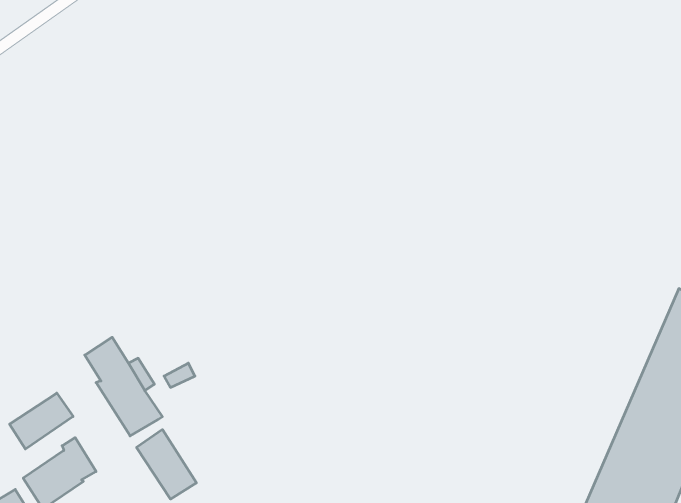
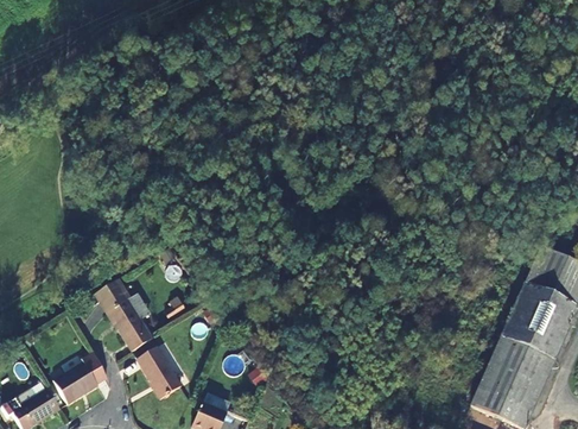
building: [10,393,73,449] -> none

